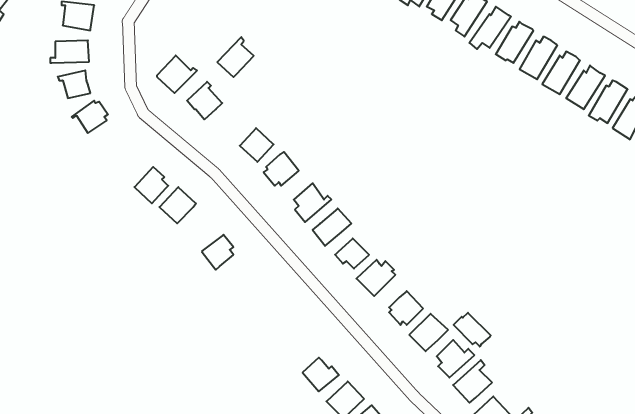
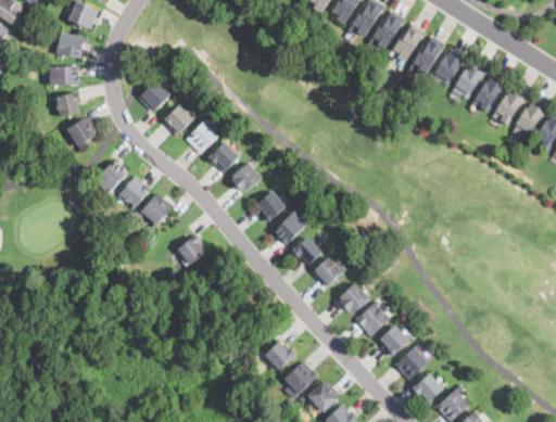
building: [217,37,254,77] -> [186,118,217,153]
building: none -> [94,159,127,193]
building: [454,313,491,347] -> none

